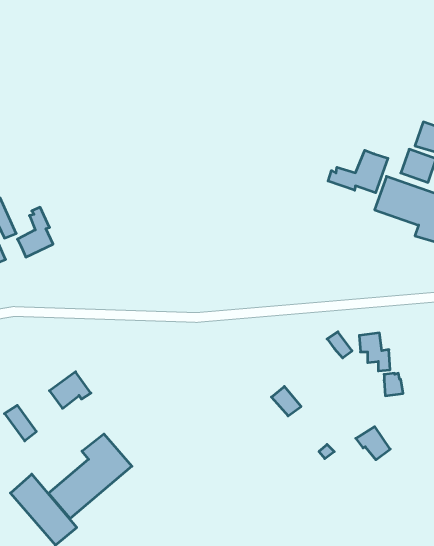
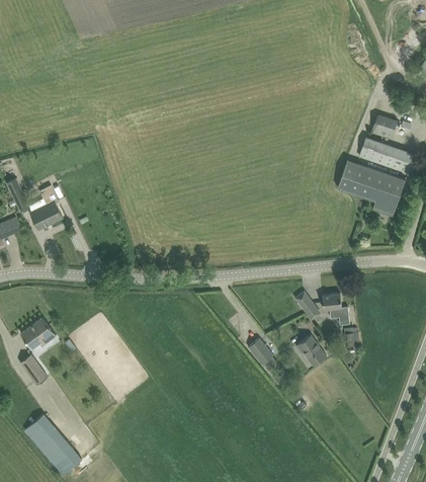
building: [328,150,388,193] -> none
building: [49,372,91,408] -> [21,318,57,349]
building: [356,427,390,460] -> [295,336,325,365]
building: [49,434,132,518] -> none

